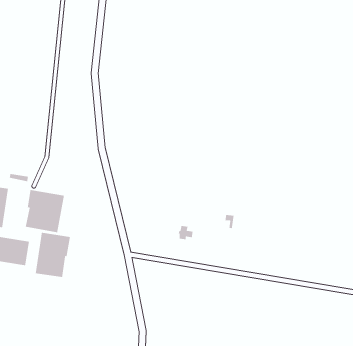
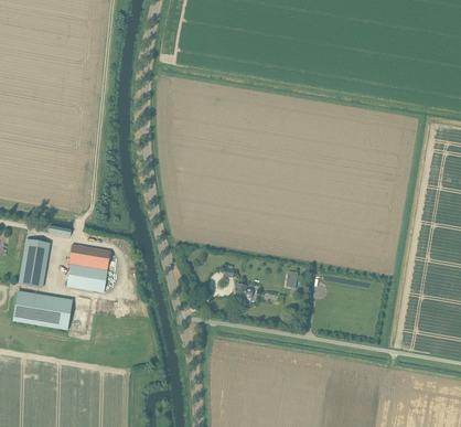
building: [35,232,71,278] -> none

